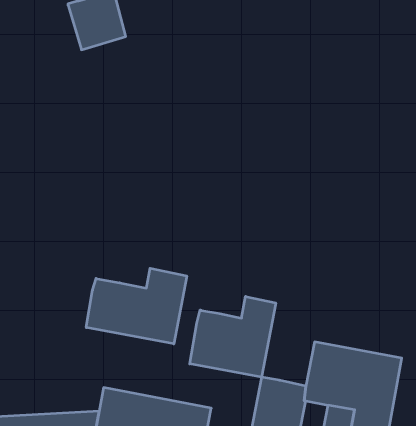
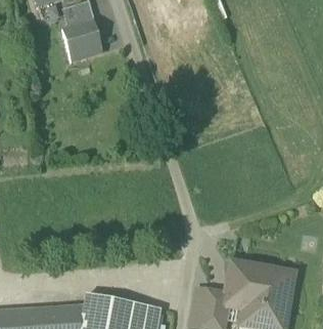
building: [86,268,187,344] -> none
building: [190,296,276,377] -> none

